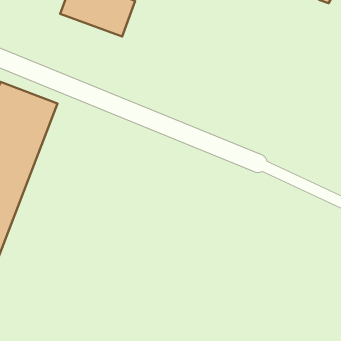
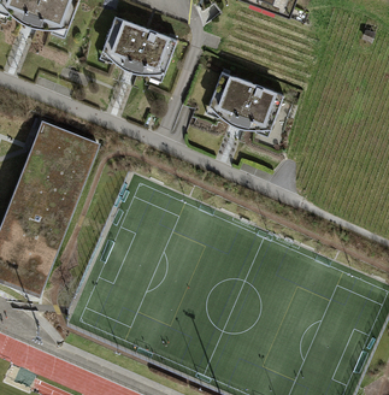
building: none -> [206,71,278,129]

